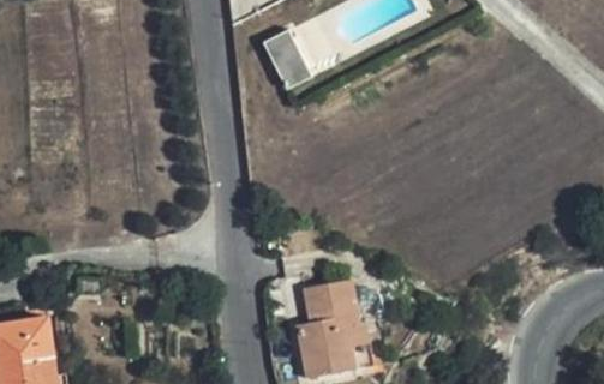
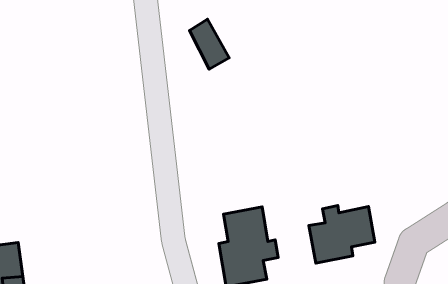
building: none -> [309,206,375,263]

